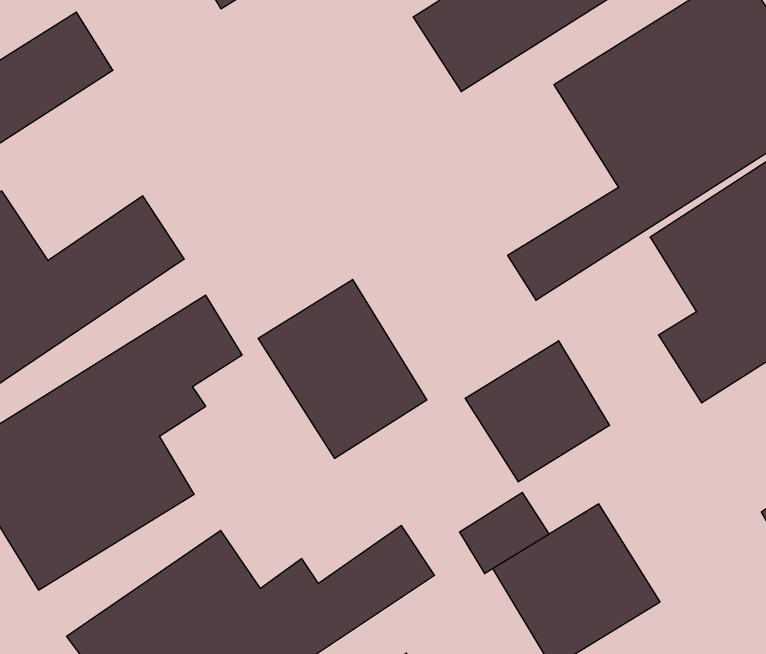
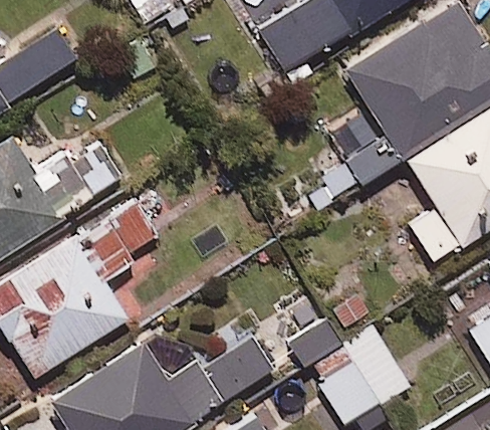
building: [258,279,427,458] -> none
building: [465,341,610,482] -> none

